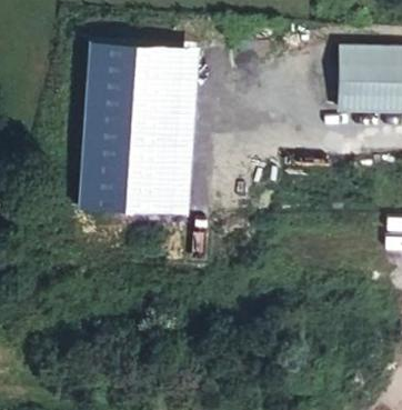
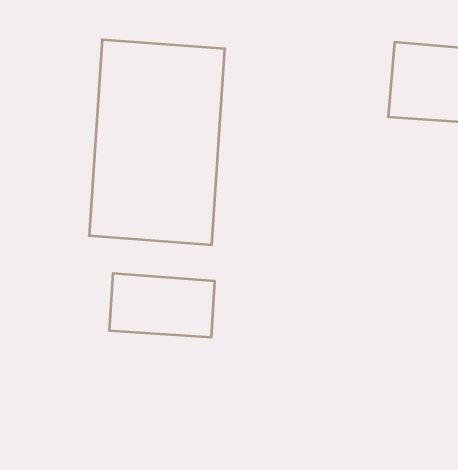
building: none -> [109,273,215,337]

